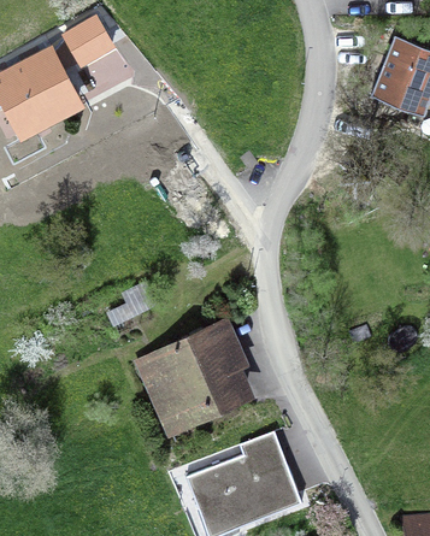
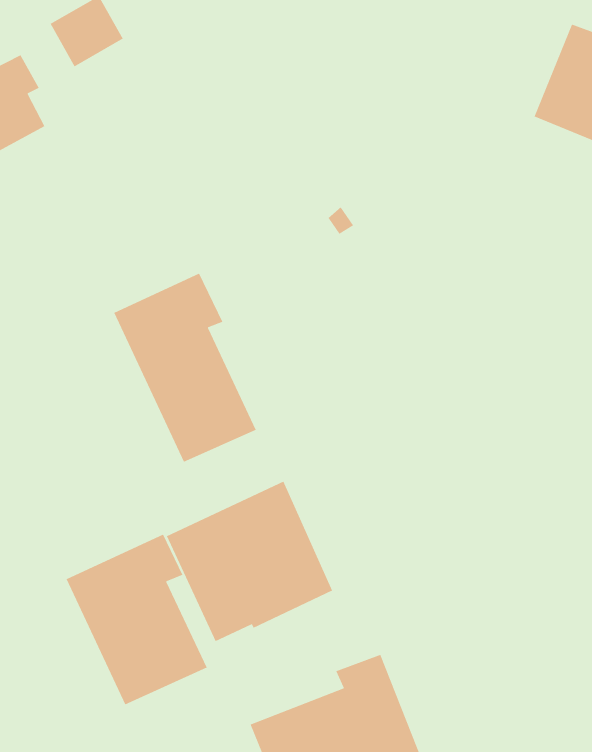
building: none -> [113,272,257,463]
building: none -> [65,533,208,705]

